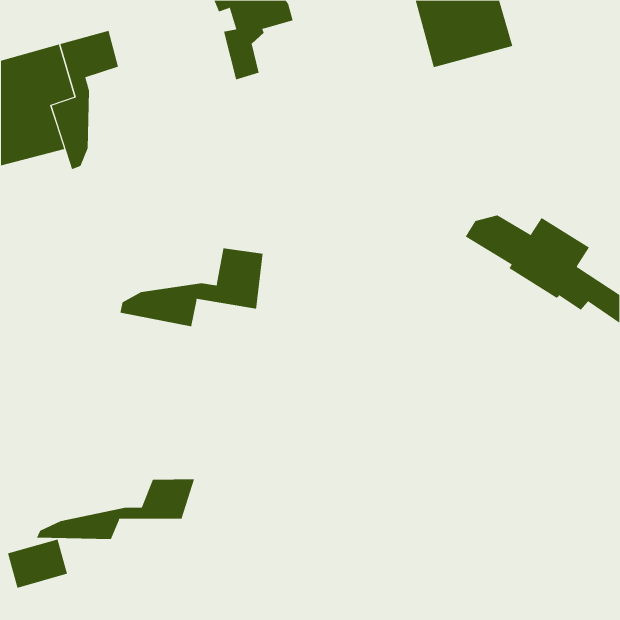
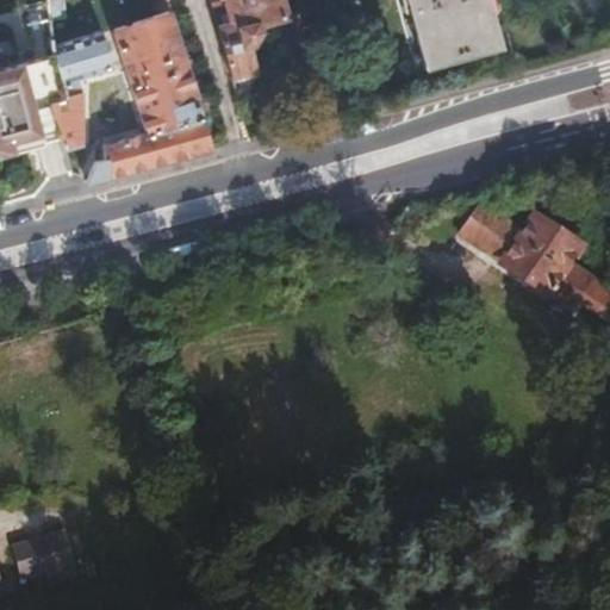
building: none -> [86,12,214,185]
building: [120,247,263,327] -> none
building: [36,479,195,540] -> none

